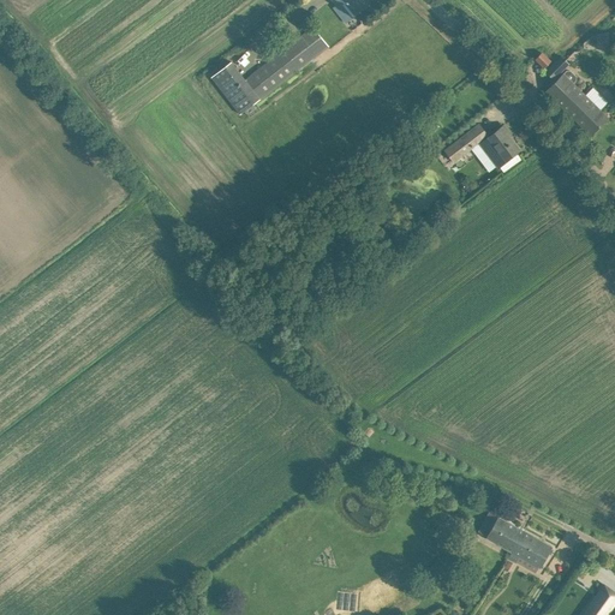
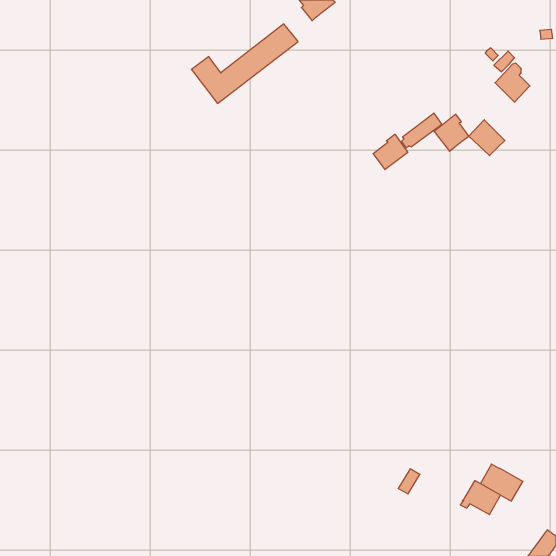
building: [568,95,608,135] -> [469,120,505,156]
building: none -> [373,134,408,170]
building: [477,512,524,553] -> [481,464,523,501]

